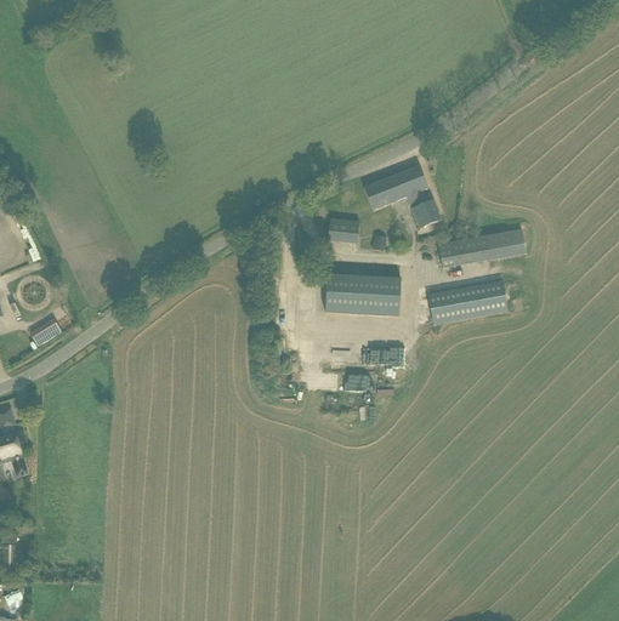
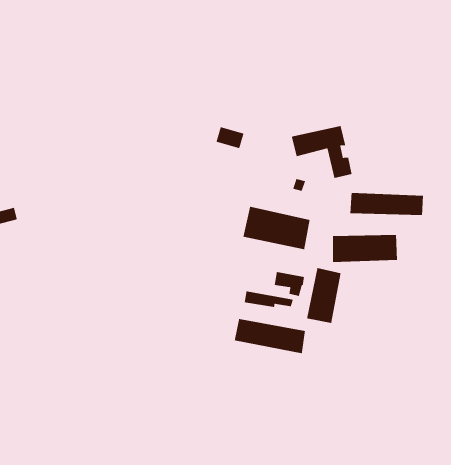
building: [326,217,358,240] -> [216,126,244,149]
building: none -> [306,267,342,324]
building: none -> [234,318,306,354]

